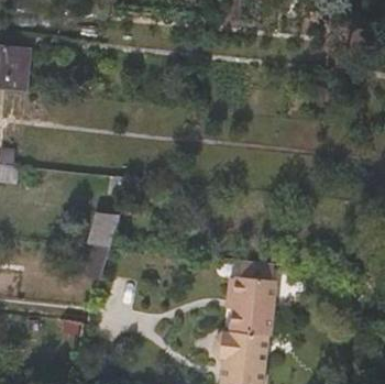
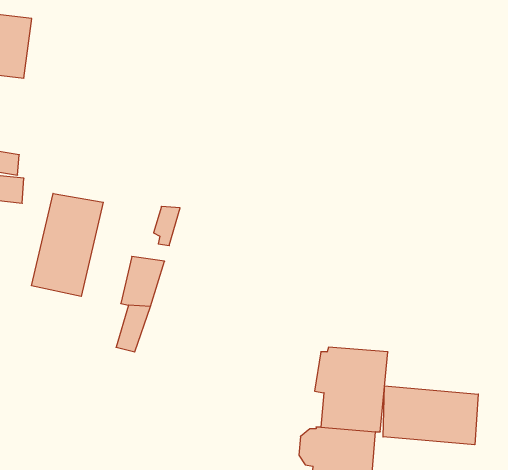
building: none -> [32,193,103,296]
building: none -> [383,386,478,445]

